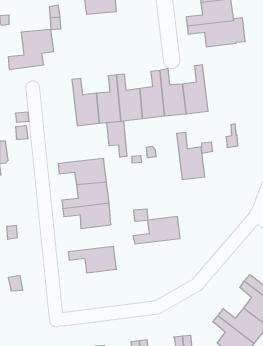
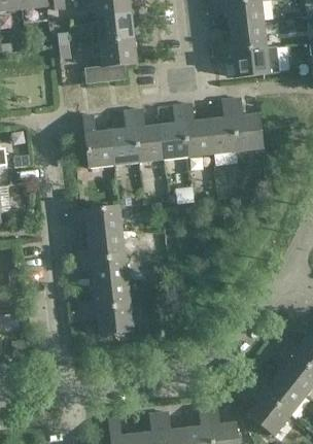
building: [8,30,54,70] -> [85,38,137,83]
building: [107,121,127,157] -> none
building: [177,132,205,180] -> [232,98,264,151]
building: [133,217,180,244] -> [77,280,131,311]

